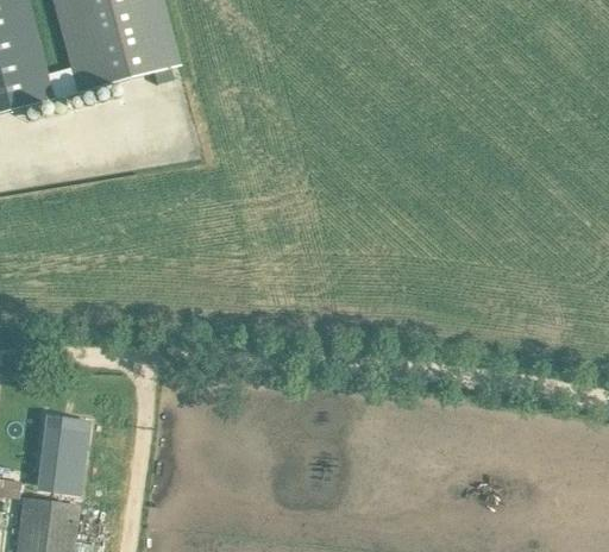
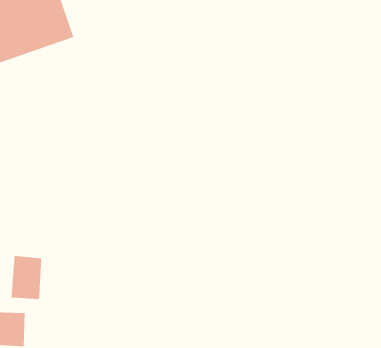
building: none -> [11,255,42,300]

